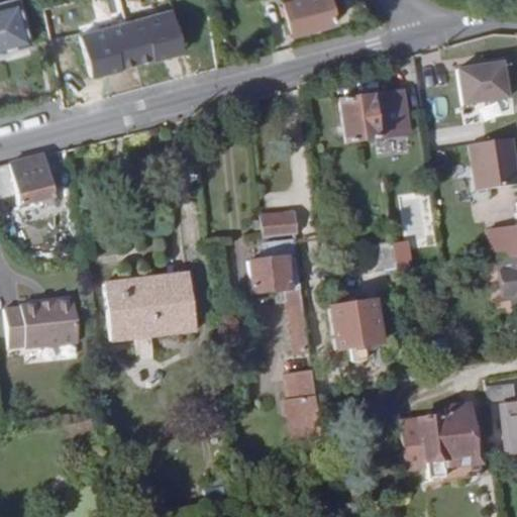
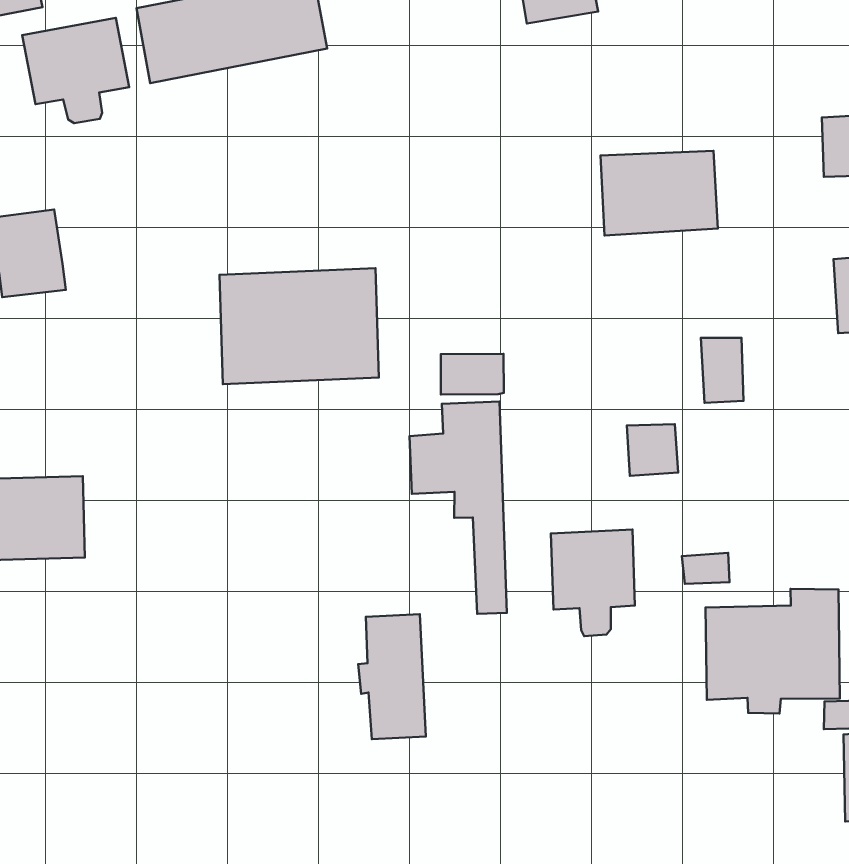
building: none -> [22,18,129,123]
building: [106,270,198,340] -> [220,268,379,384]
building: [283,368,323,438] -> [358,614,426,739]
building: [401,403,479,475] -> [706,589,840,714]

